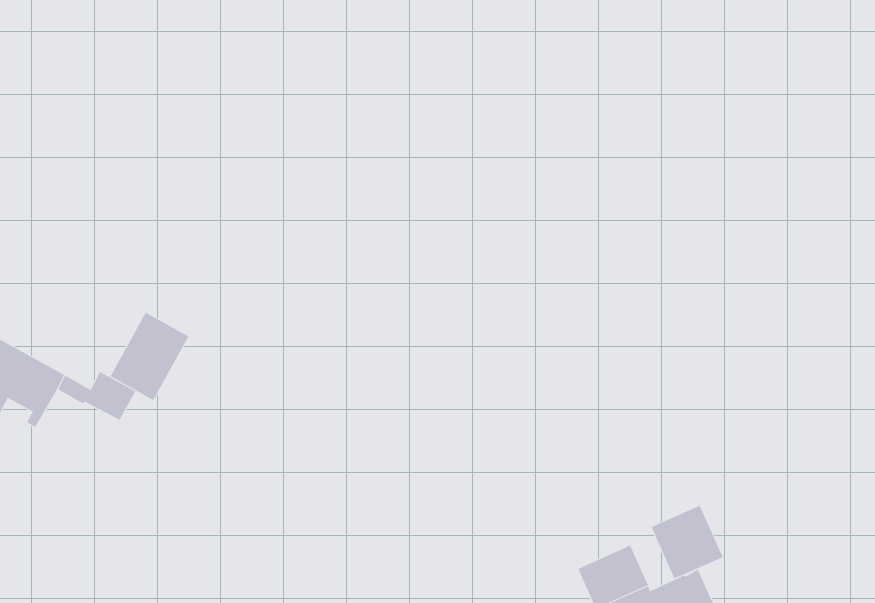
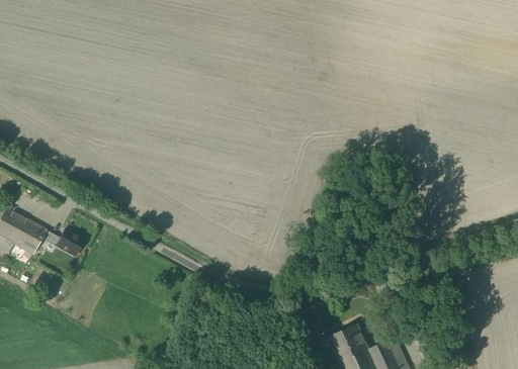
building: [110,312,189,401] -> none
building: [651,505,724,579] -> none

